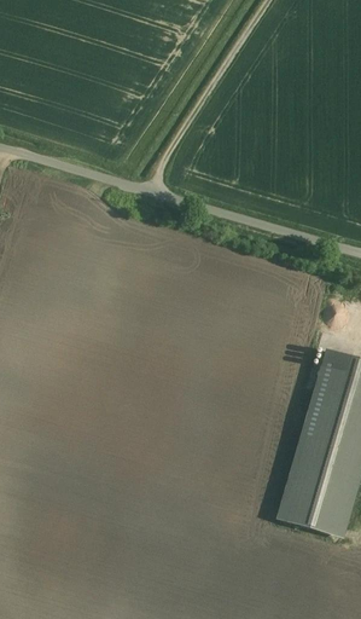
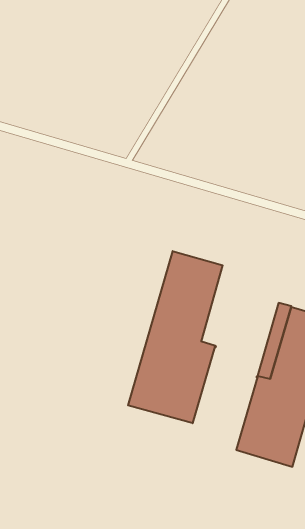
building: none -> [128,251,223,423]

